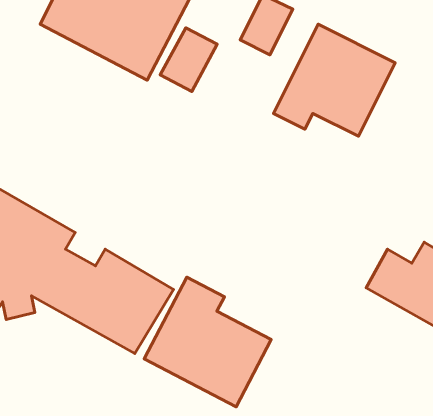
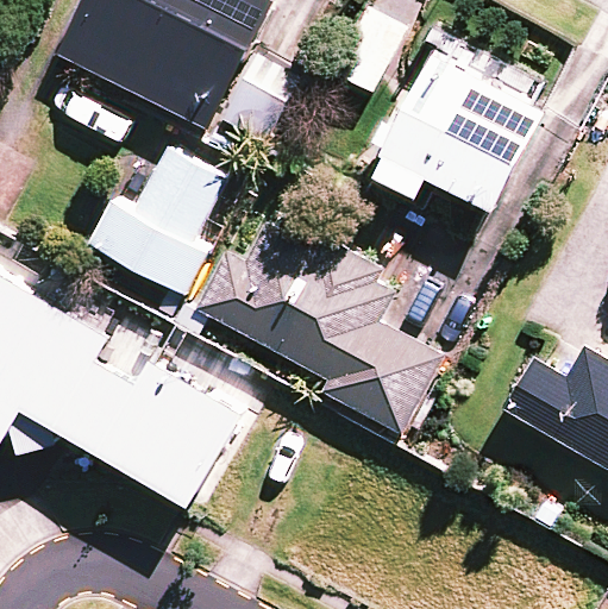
building: none -> [88,152,231,291]
building: none -> [198,215,443,435]
building: [144,277,271,407] -> none

